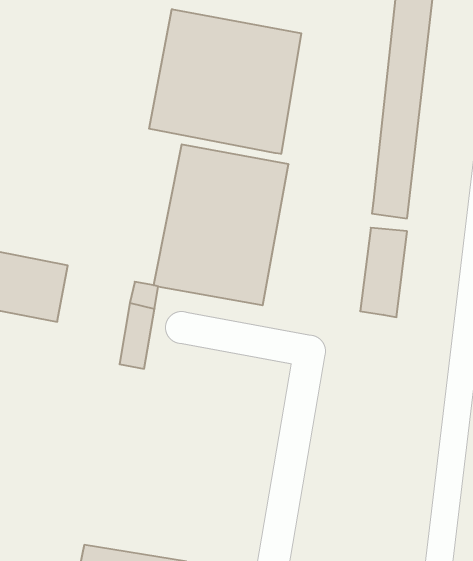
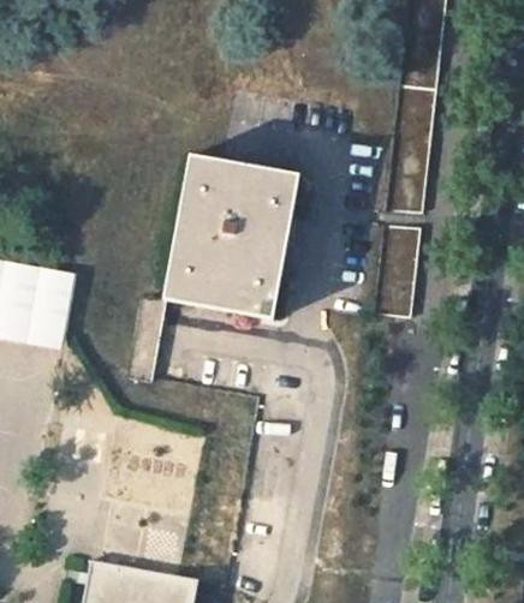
building: [149,9,301,154] -> none

